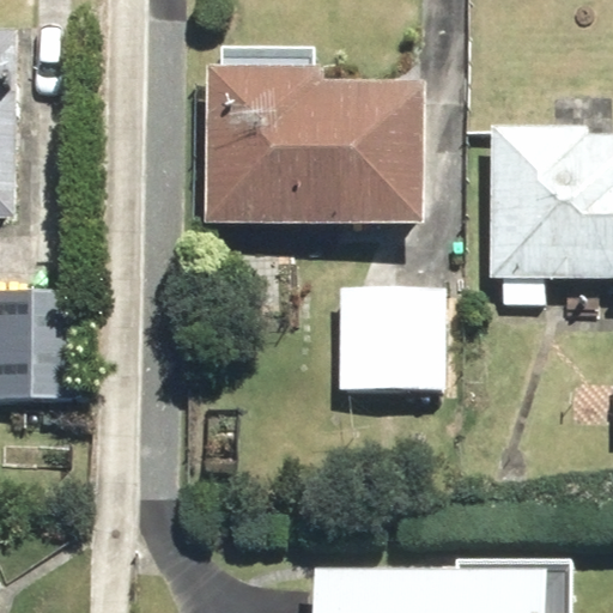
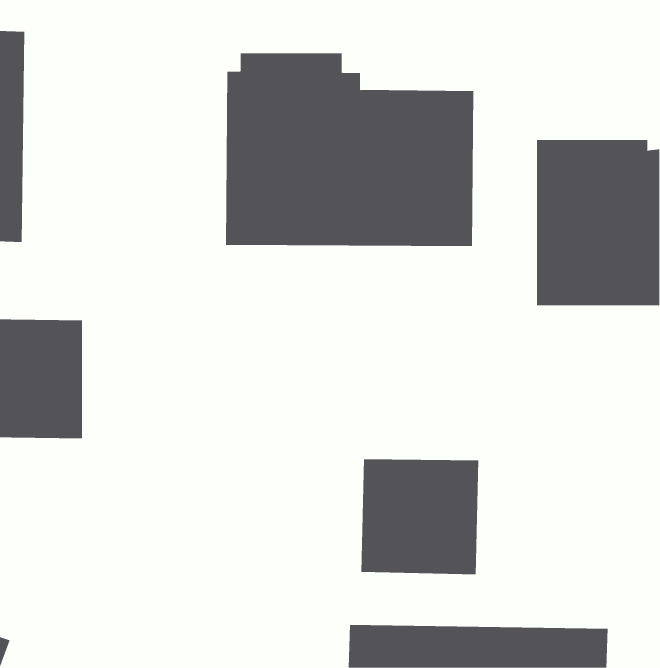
building: [338,285,445,390] -> [360,459,479,575]

